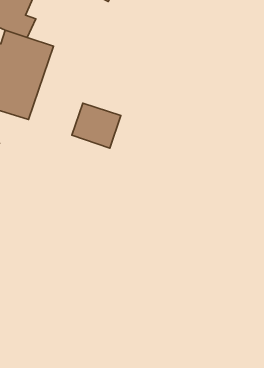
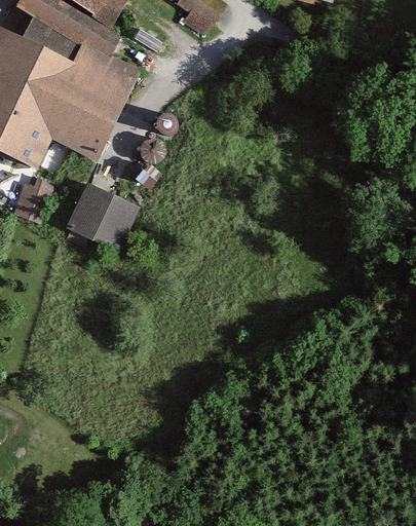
building: [72,103,121,148] -> [72,185,137,246]

